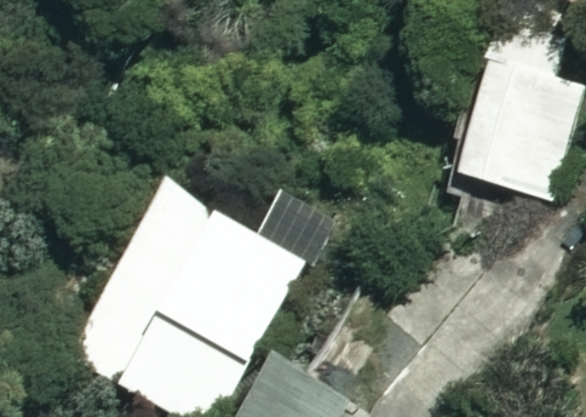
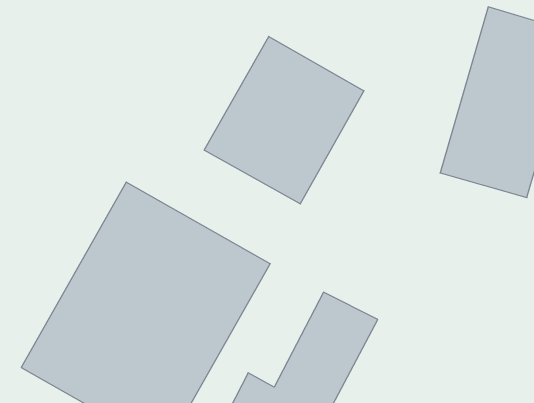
building: none -> [204,36,364,204]

